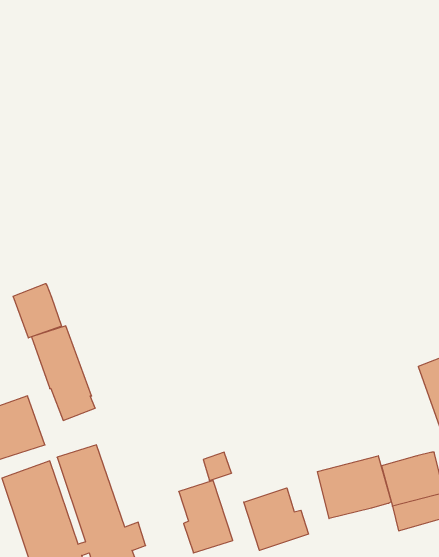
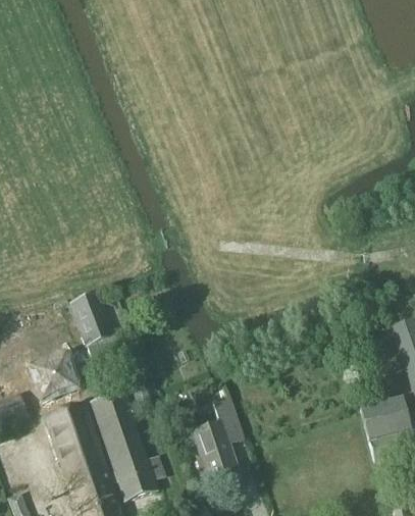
building: [13,284,62,338] -> none
building: [317,456,391,519] -> none
building: [244,488,308,550] -> none

